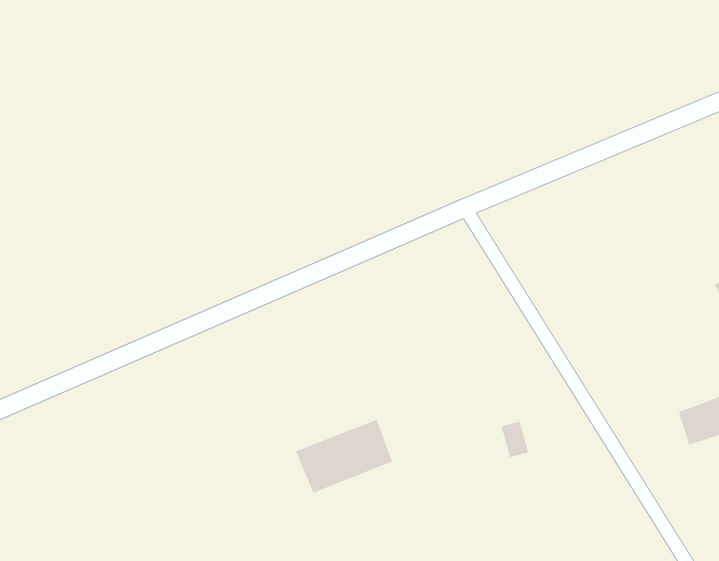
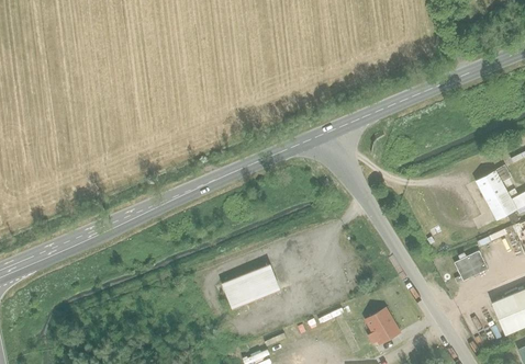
building: none -> [362,306,401,345]

